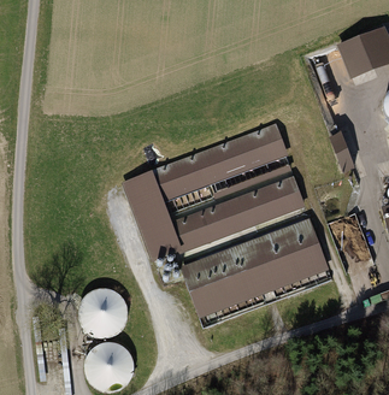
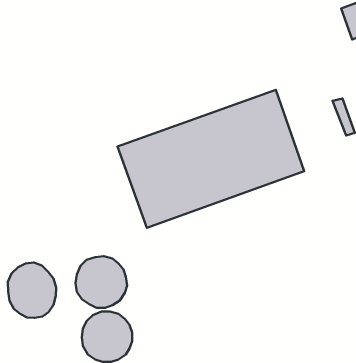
building: [176,218,330,326] -> none
building: none -> [8,262,56,318]

